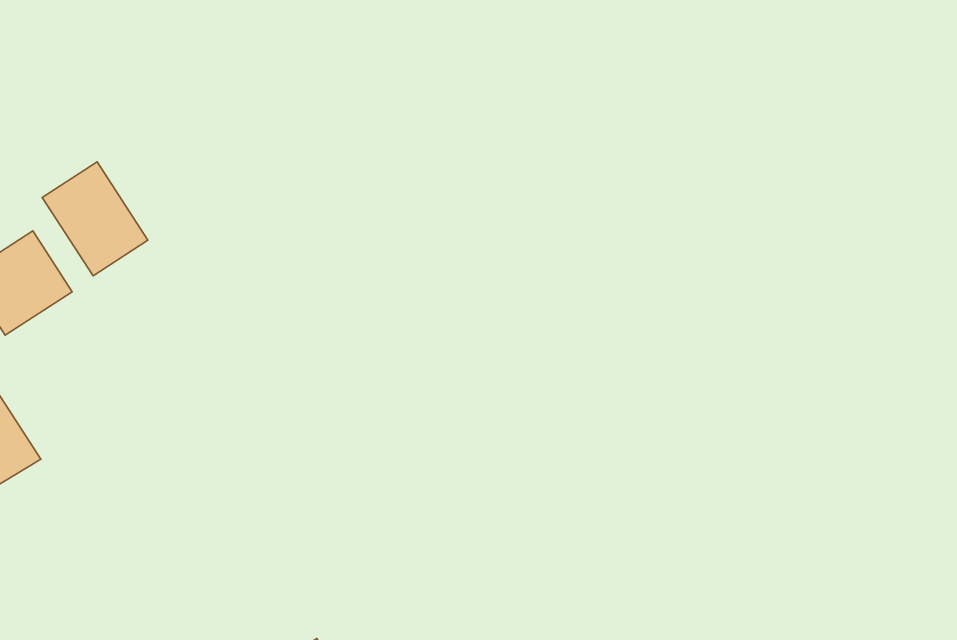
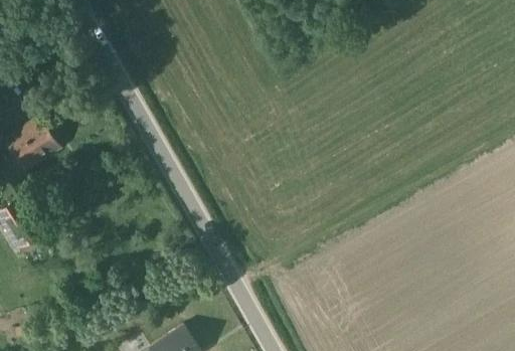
building: [42,162,148,276] -> none

